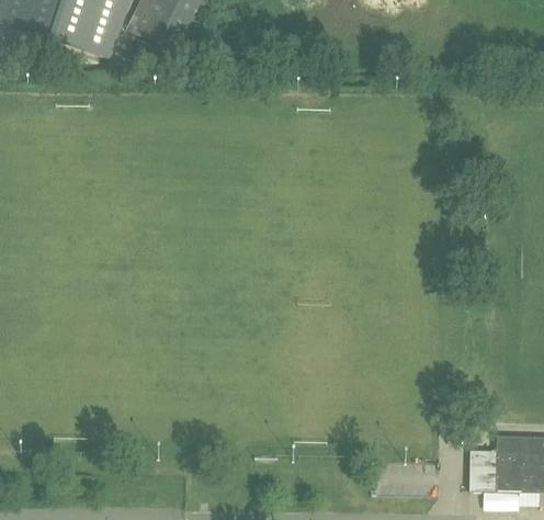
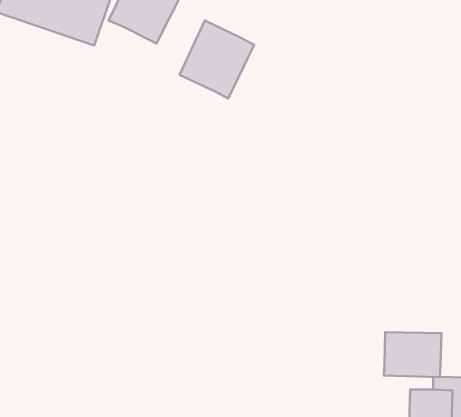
building: none -> [179,20,254,99]
building: none -> [384,332,441,377]

